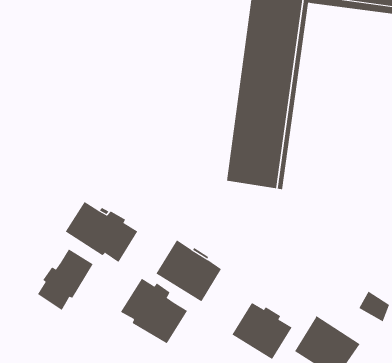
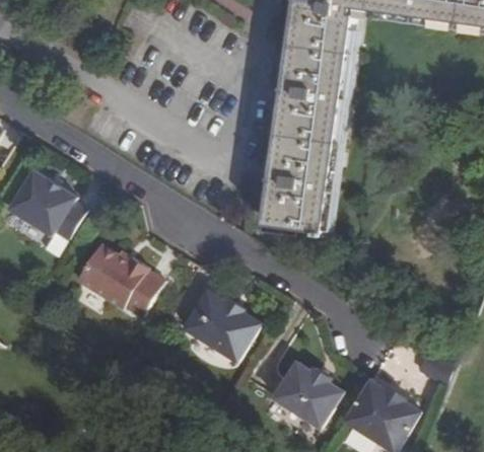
building: none -> [10,168,85,239]
building: [37,248,94,311] -> none
building: [120,278,188,344] -> none

